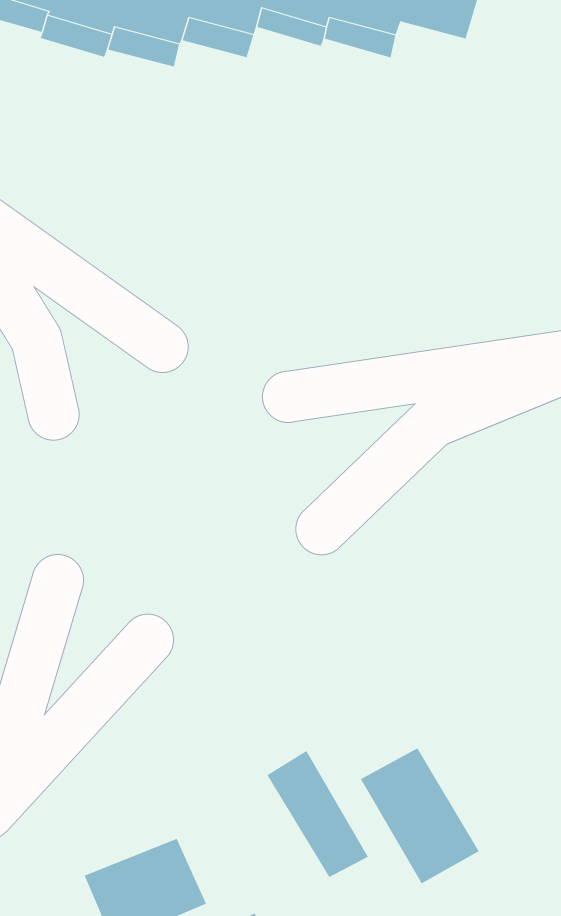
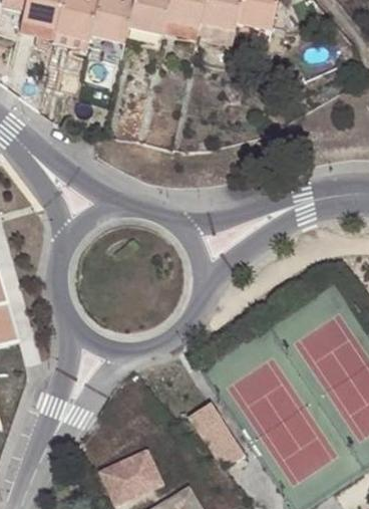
building: [360,747,480,884] -> none

